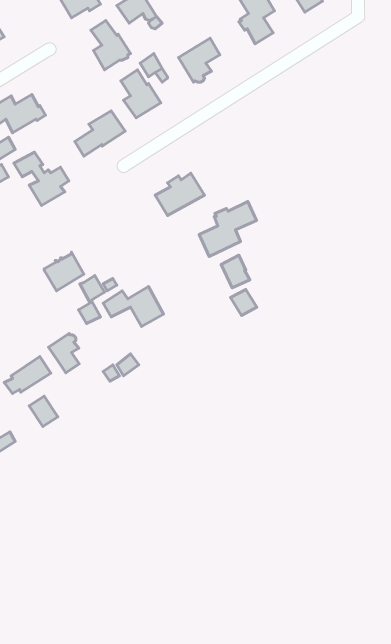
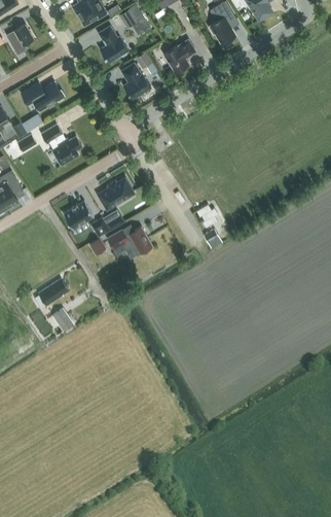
building: [75,111,125,156] -> none
building: [155,173,205,216] -> [98,178,135,210]
building: [199,201,256,256] -> none
building: [49,333,79,373] -> none

